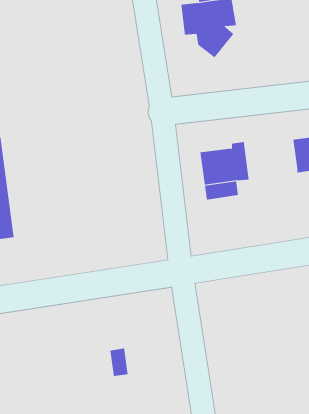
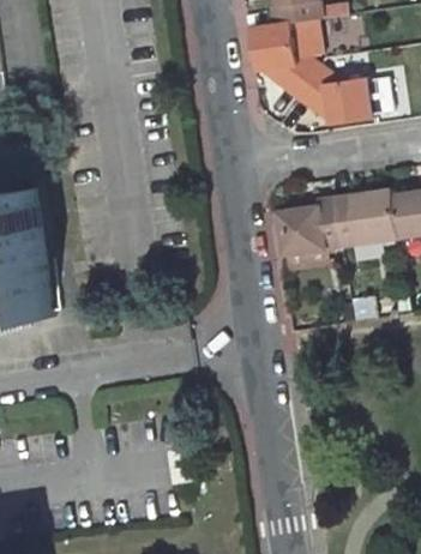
building: none -> [296,64,375,122]
building: none -> [333,189,398,246]

